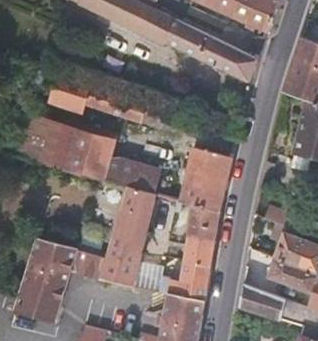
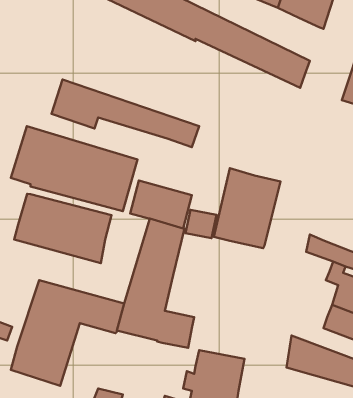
building: none -> [14,194,112,263]
building: [158,205,219,301] -> none

